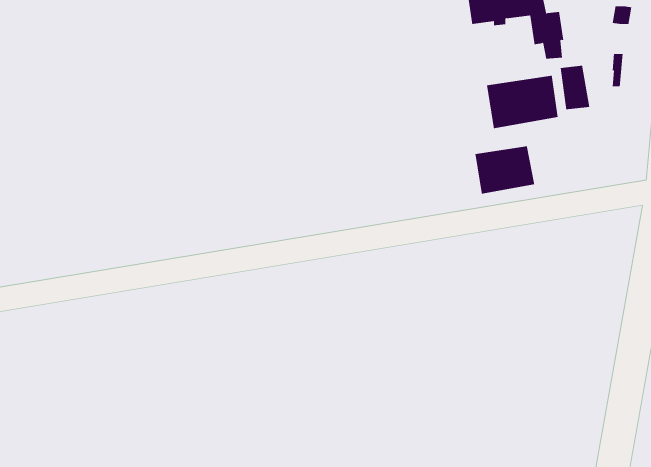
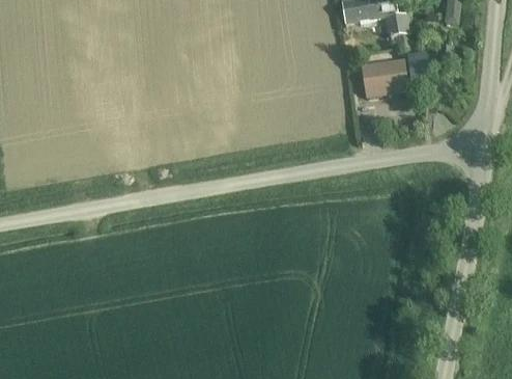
building: [475,145,535,194] -> none

